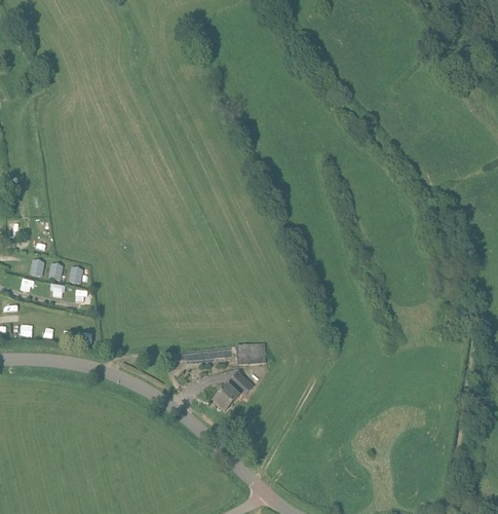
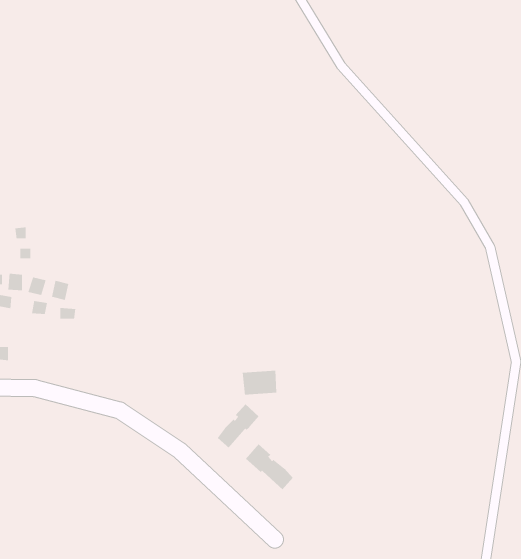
building: none -> [245,444,294,490]

